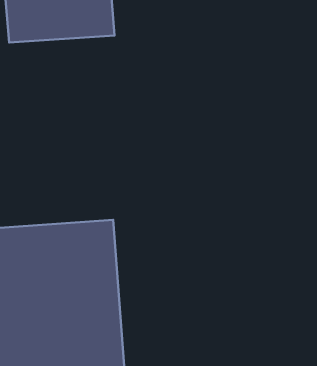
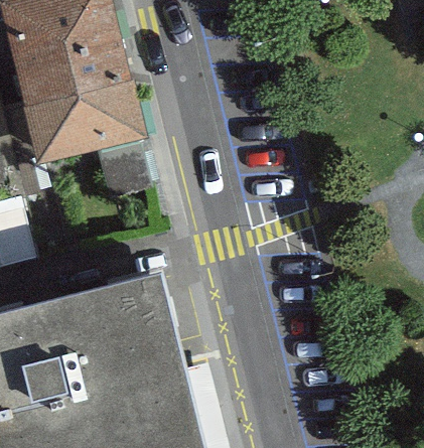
building: none -> [24,81,143,165]

